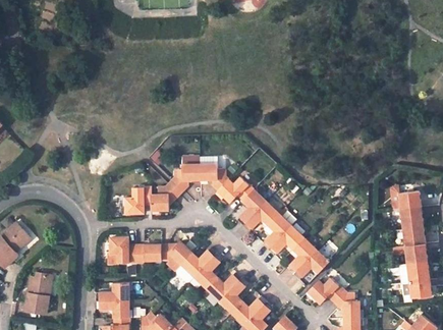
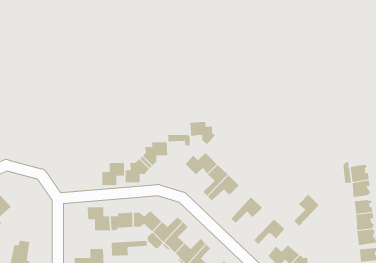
building: [199,164,227,189] -> [190,122,216,145]
building: [262,213,290,250] -> none
building: [287,237,316,273] -> [293,194,319,226]
building: none -> [111,240,148,257]

